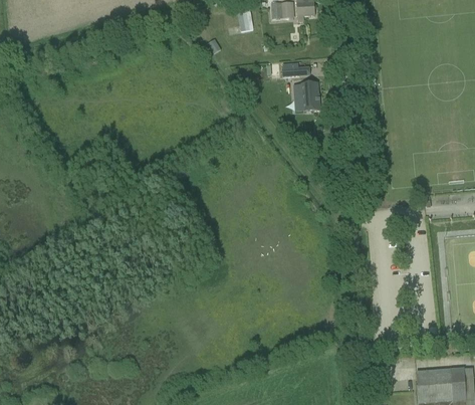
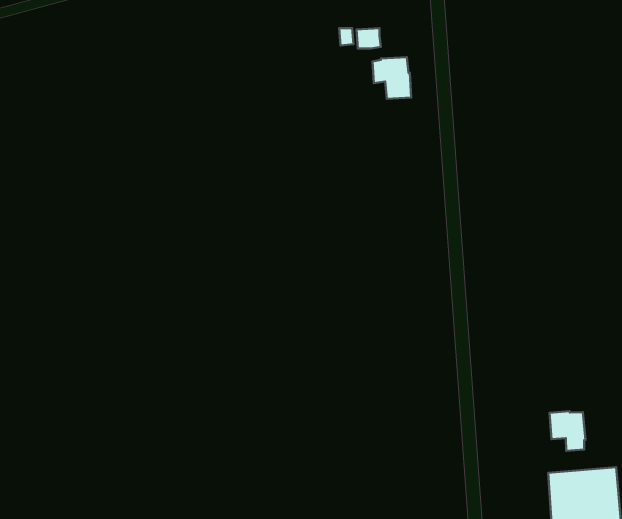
building: none -> [549,411,585,451]

